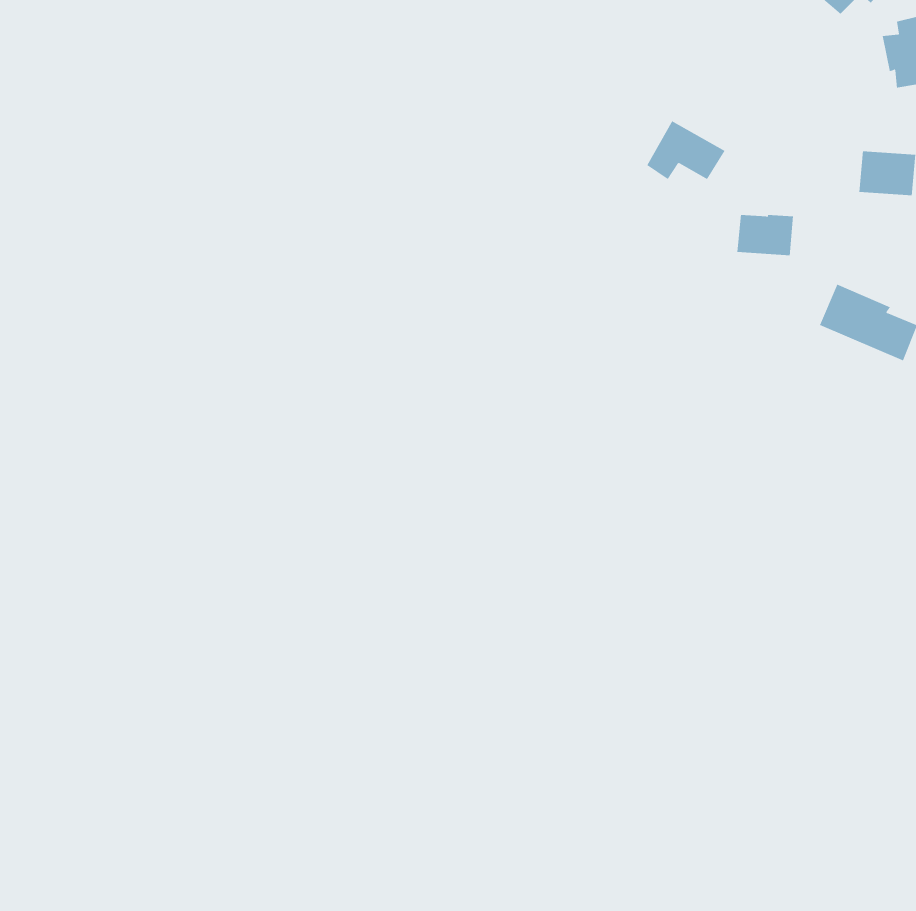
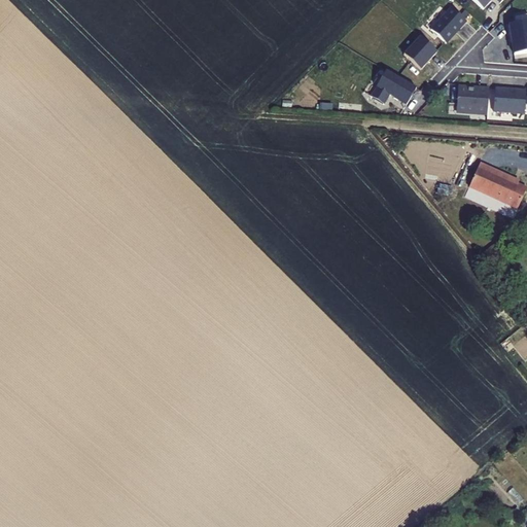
building: none -> [431,6,467,42]
building: none -> [405,35,437,69]
building: [736,214,794,256] -> [456,86,489,110]

